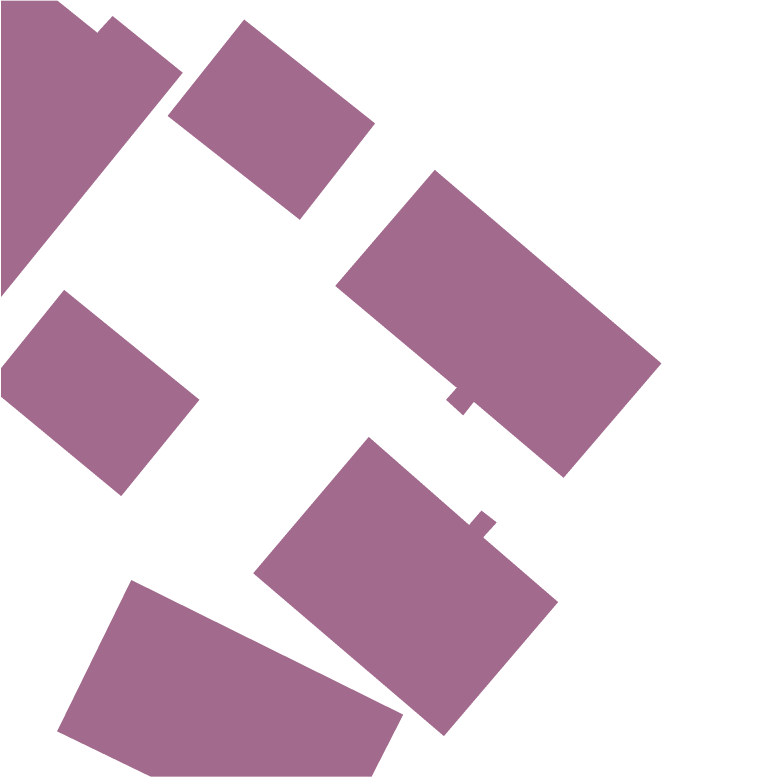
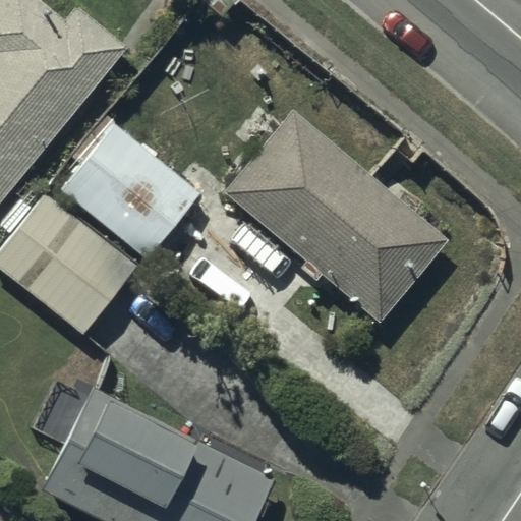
building: [166,19,376,221] -> [58,121,198,256]
building: [252,436,559,737] -> none

